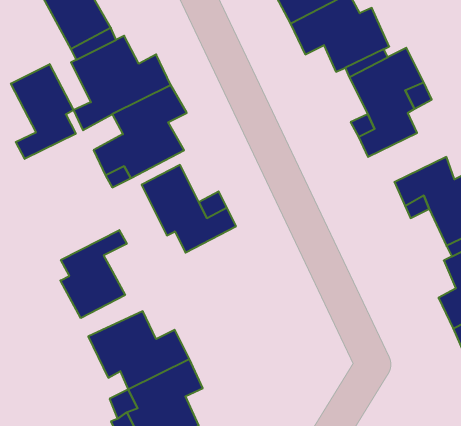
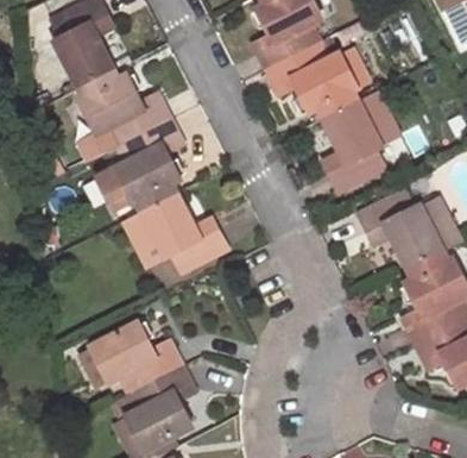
building: [11,64,76,159] -> none
building: [60,230,127,318] -> none

